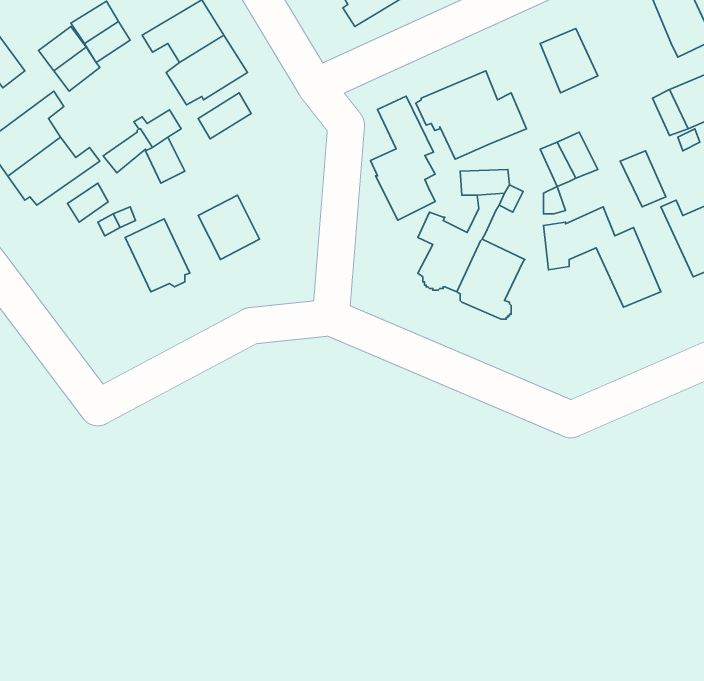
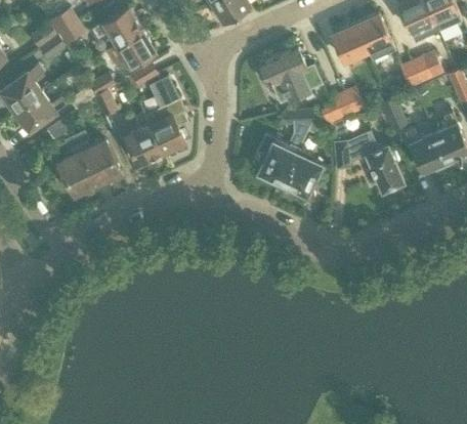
building: none -> [353,13,395,61]
building: [371,96,435,220] -> [146,77,185,152]
building: none -> [57,151,97,195]

